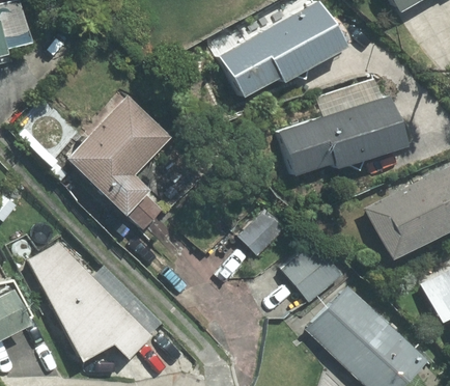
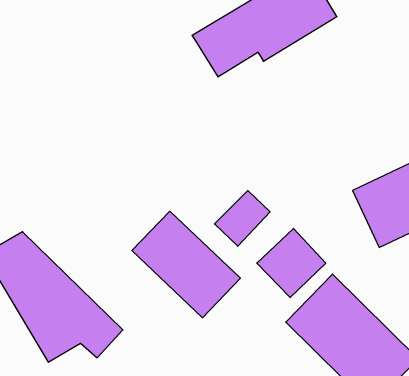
building: [65,91,172,229] -> none
building: [280,93,409,180] -> none
building: none -> [132,211,240,318]

